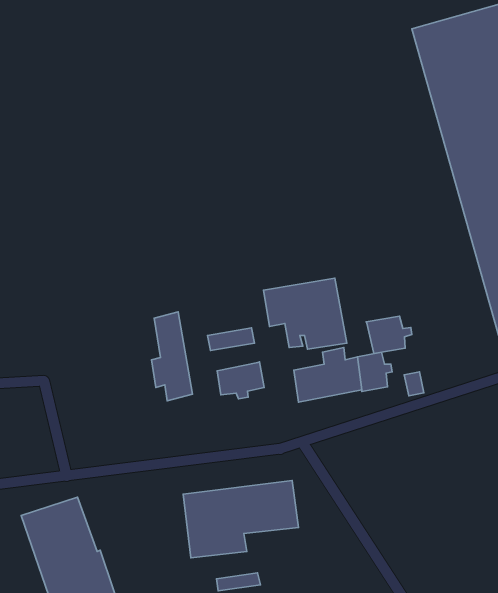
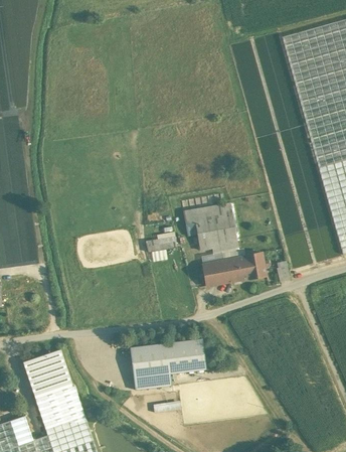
building: [151,312,192,401] -> none
building: [366,316,412,353] -> none
building: [217,362,264,399] -> none

